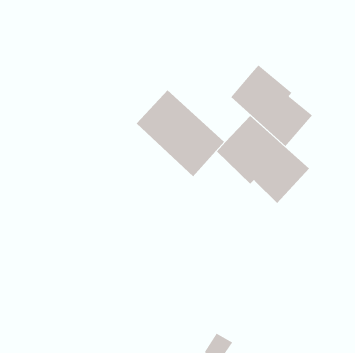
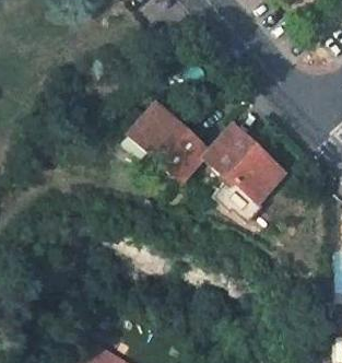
building: [230,65,313,147] -> none

